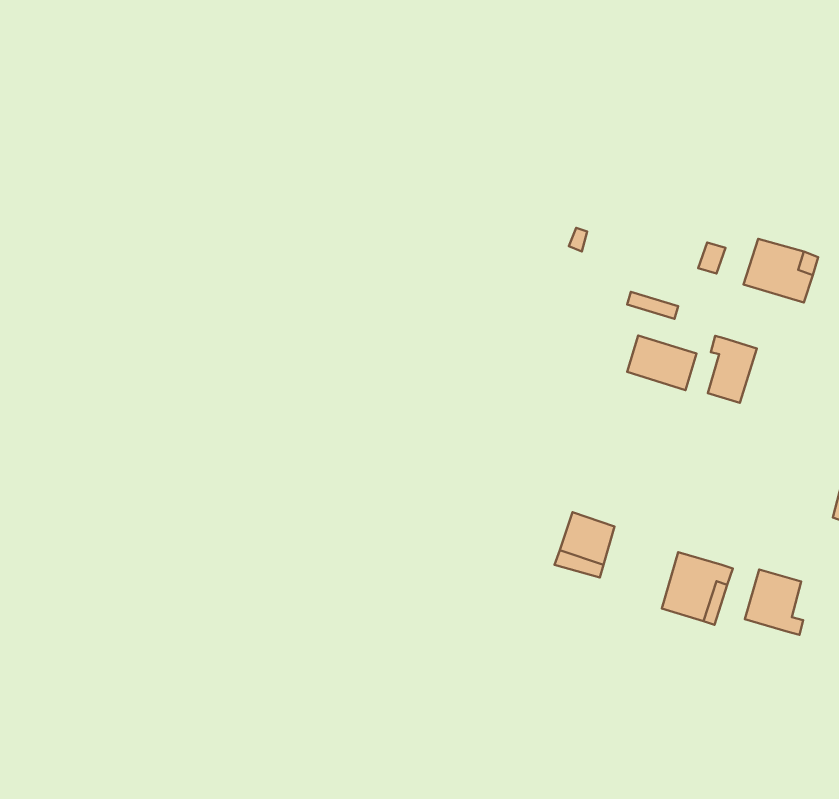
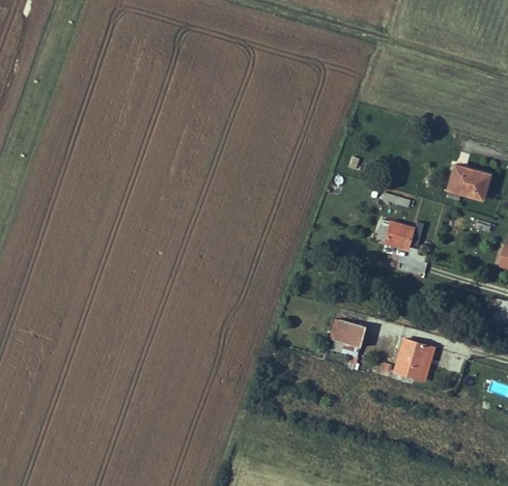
building: [708,336,757,403] -> none
building: [745,570,803,635] -> none

